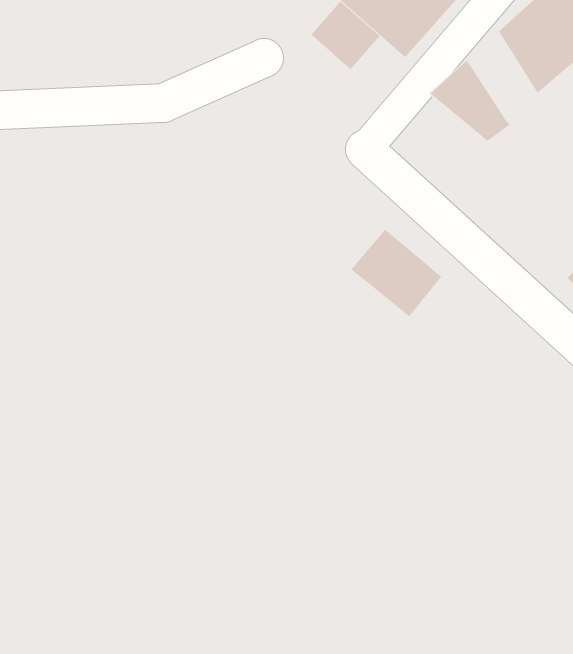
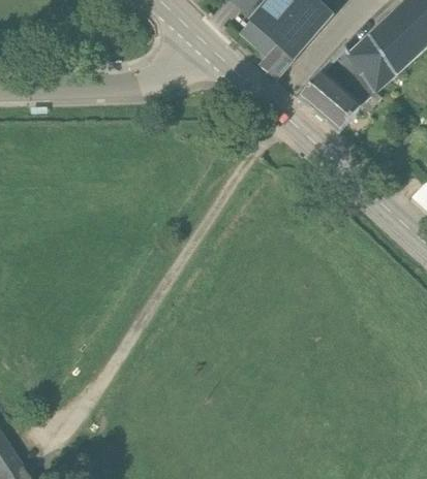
building: none -> [349,26,399,86]
building: none -> [272,29,308,66]
building: [351,229,442,317] -> [302,67,363,126]

